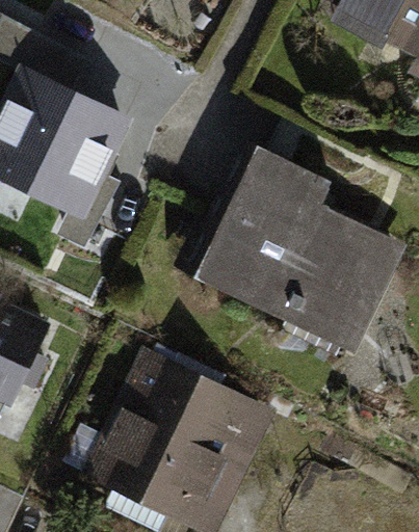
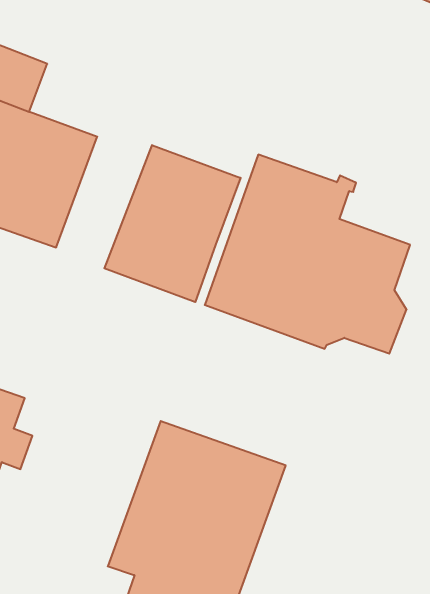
building: none -> [104,145,241,302]

